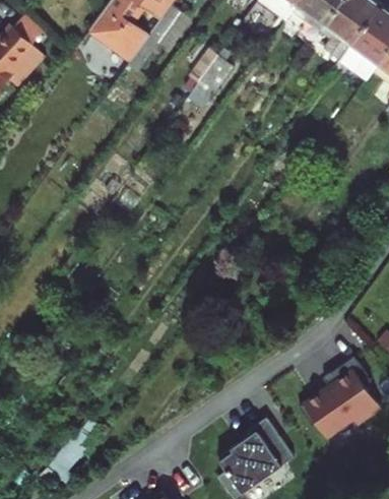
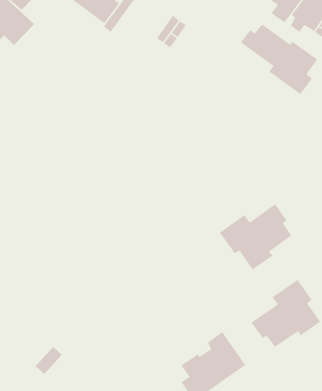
building: none -> [240,24,318,95]
building: none -> [219,203,292,271]

